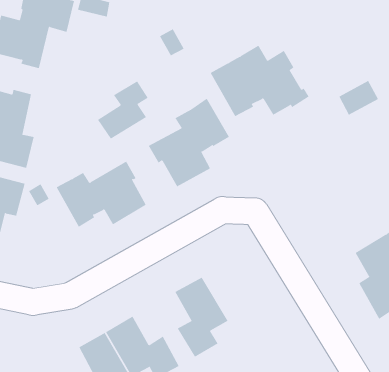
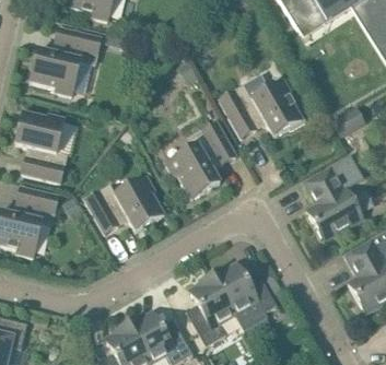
building: [97,80,149,140] -> none
building: none -> [303,156,363,240]
building: none -> [212,262,277,330]

